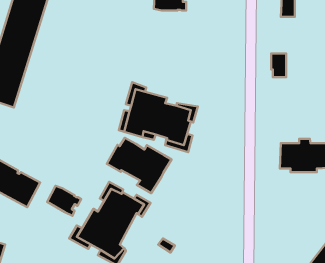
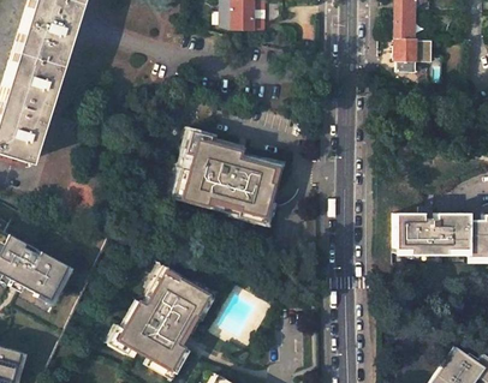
building: [271,54,286,77] -> [395,38,416,71]
building: [107,138,172,193] -> none
building: [47,186,81,216] -> none

